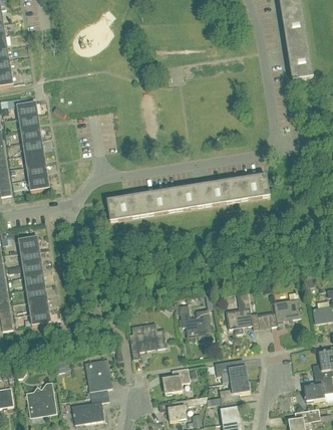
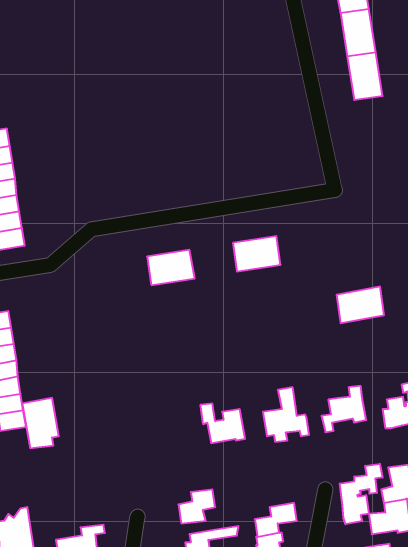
building: [234,175,269,202] -> [337,287,384,323]
building: [170,186,205,212] -> none
building: [106,196,141,222] -> none
building: [129,322,165,358] -> none
building: none -> [340,464,383,524]
building: [83,359,110,396] -> [22,398,59,448]
building: [214,361,247,381] -> none

